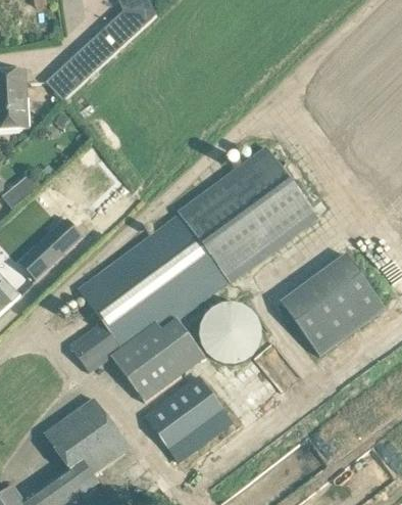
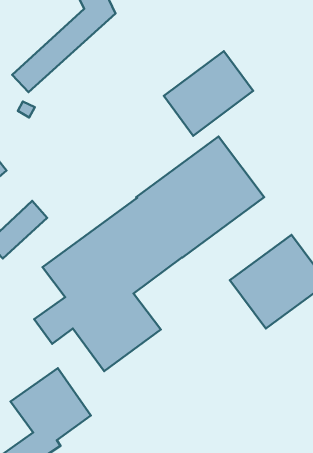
building: none -> [164,51,253,136]
building: [202,295,257,351] -> none
building: [142,375,233,464] -> none

